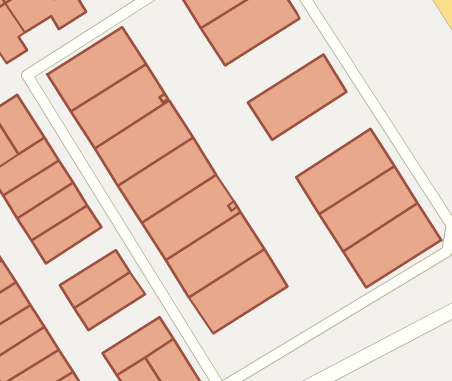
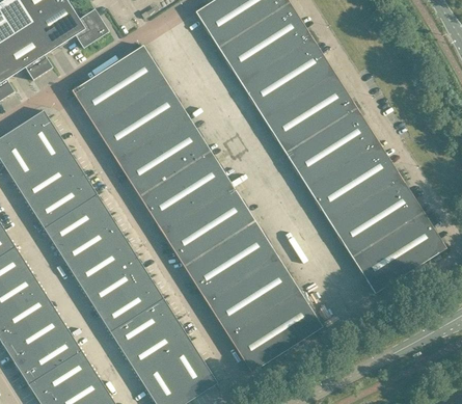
building: none -> [240,36,333,116]
building: none -> [284,106,378,187]
building: none -> [70,235,136,290]
building: none -> [228,291,322,371]
building: none -> [110,298,178,354]

